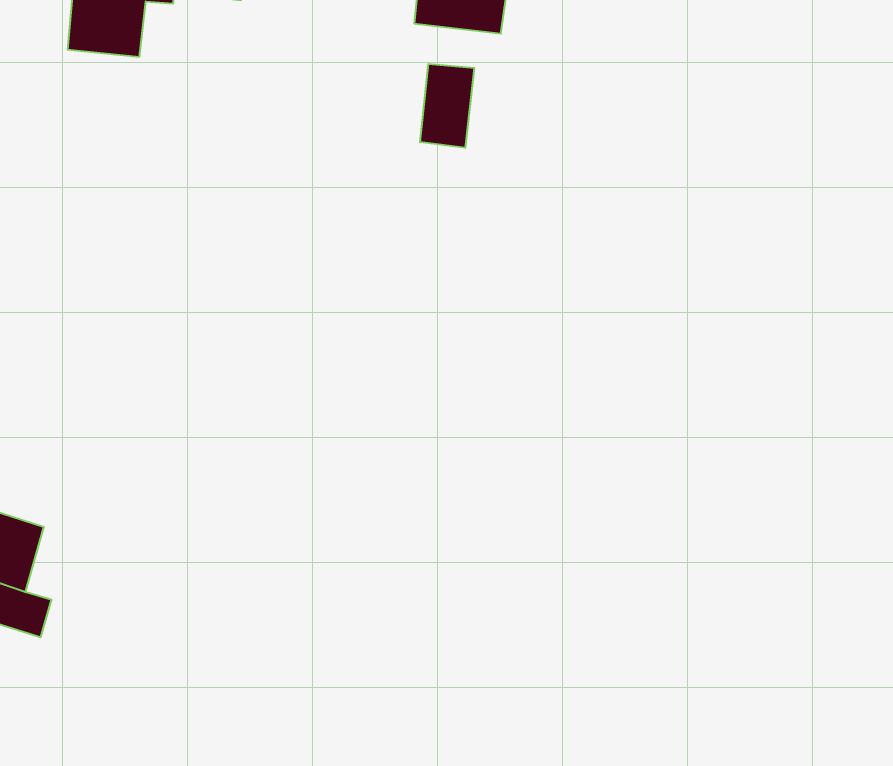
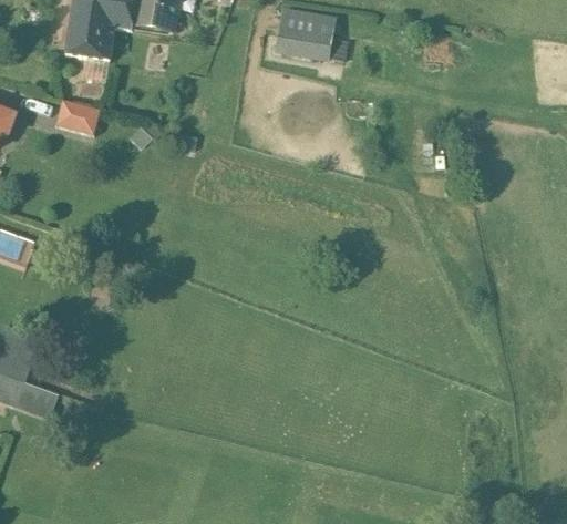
building: [420,64,474,148] -> none
building: none -> [54,97,99,133]

